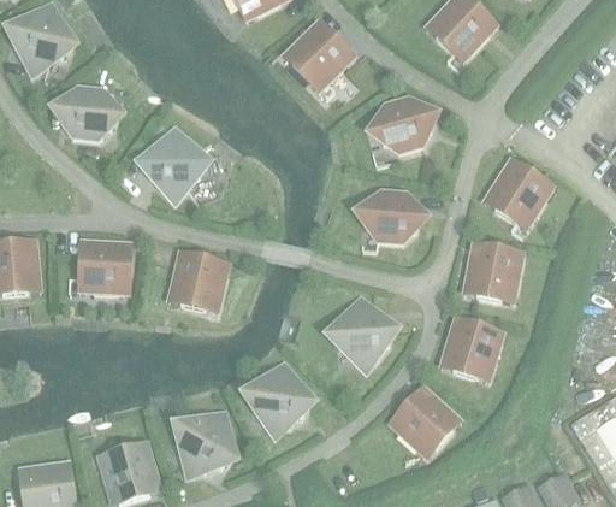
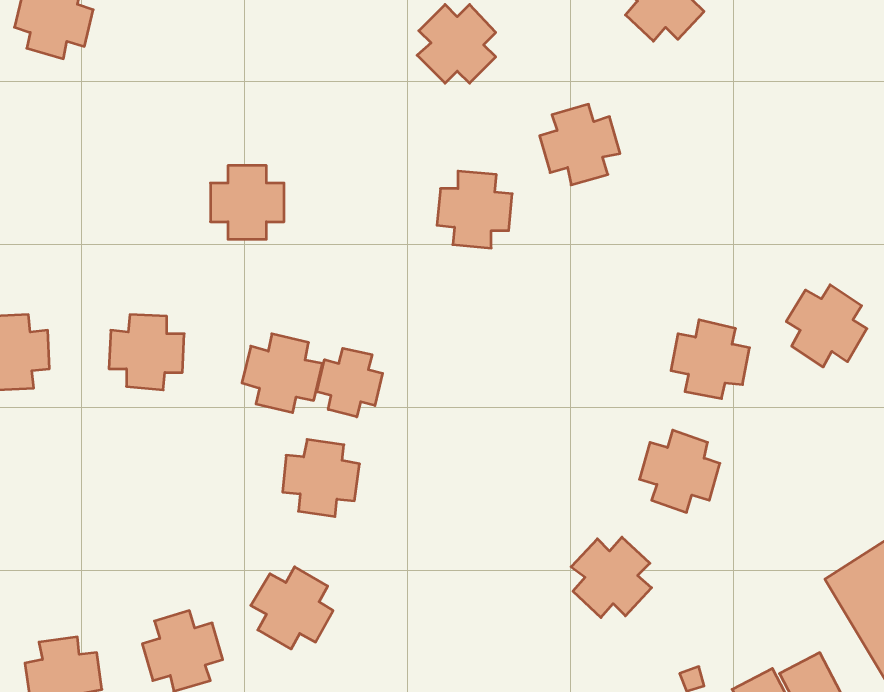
building: [61,86,114,138] -> none
building: [491,165,546,222] -> [786,285,867,367]
building: [366,189,417,242] -> [437,171,512,248]
building: none -> [317,348,383,417]
building: [337,307,389,358] -> none
building: [253,372,306,425] -> [283,439,360,517]

